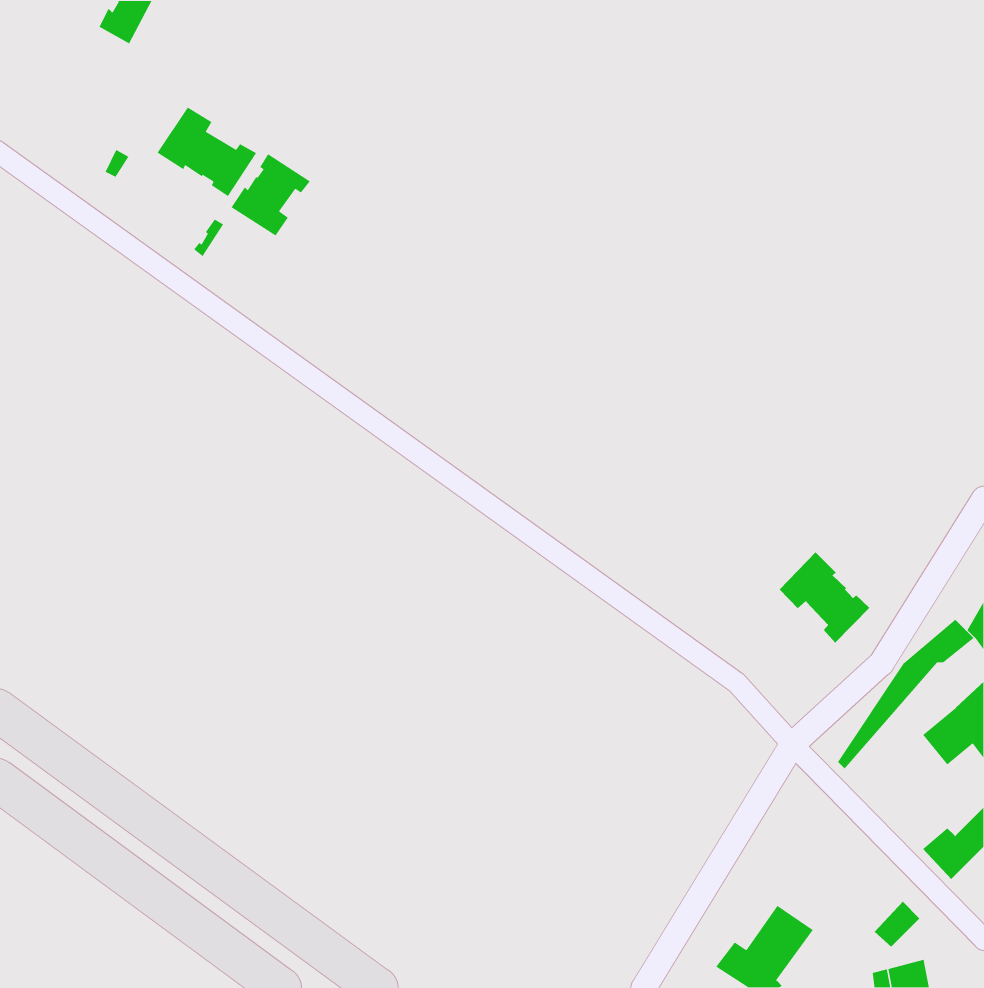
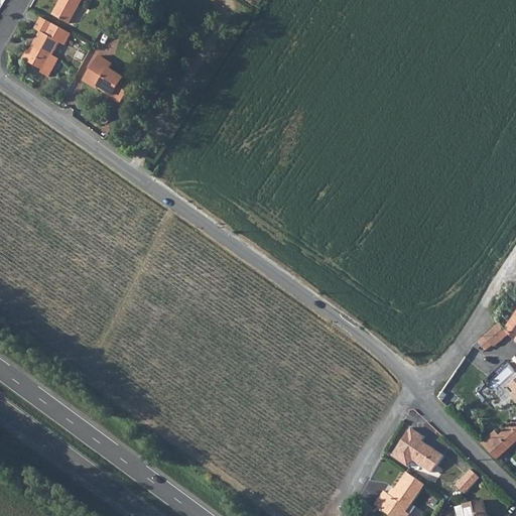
building: none -> [21,17,70,77]
building: [230,153,311,236] -> none
building: [779,552,870,644] -> none
building: none -> [390,427,441,473]

